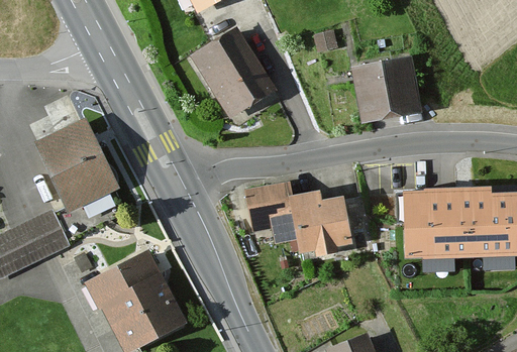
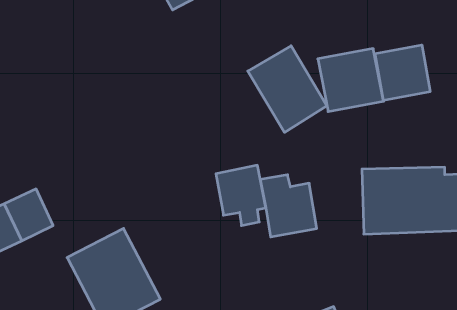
building: [190,27,275,120] -> [248,46,327,132]
building: none -> [375,45,430,100]
building: [34,119,117,212] -> none

